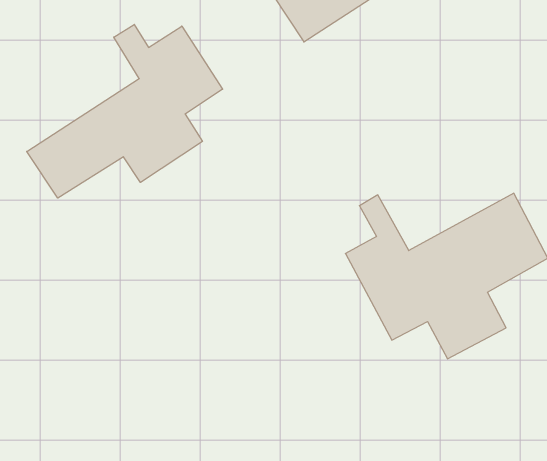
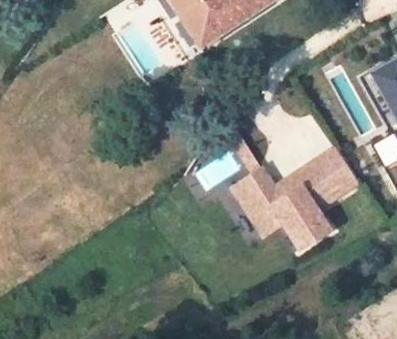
building: [27,24,223,198] -> none

